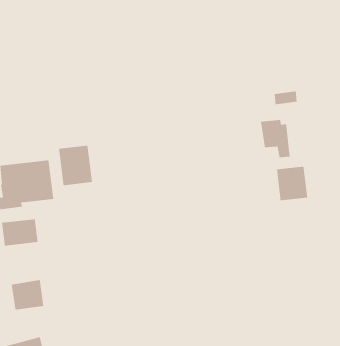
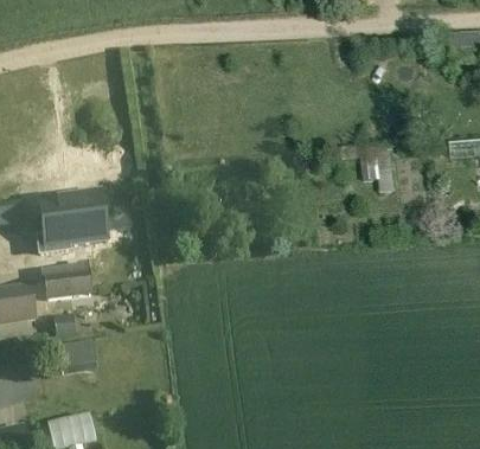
building: [59,145,93,186] -> none
building: [276,166,308,201] -> none

